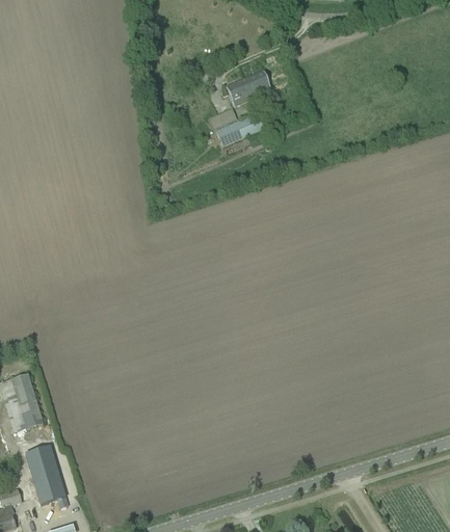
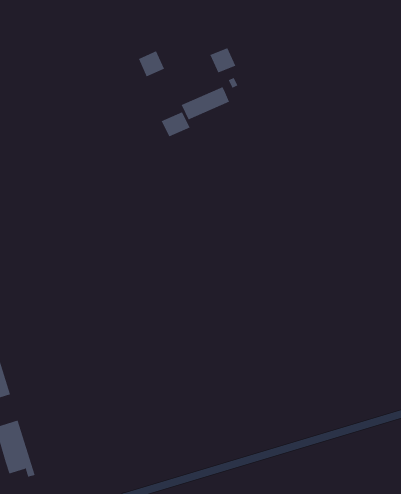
building: [226,77,253,104] -> [138,51,165,77]
building: none -> [161,112,190,137]

